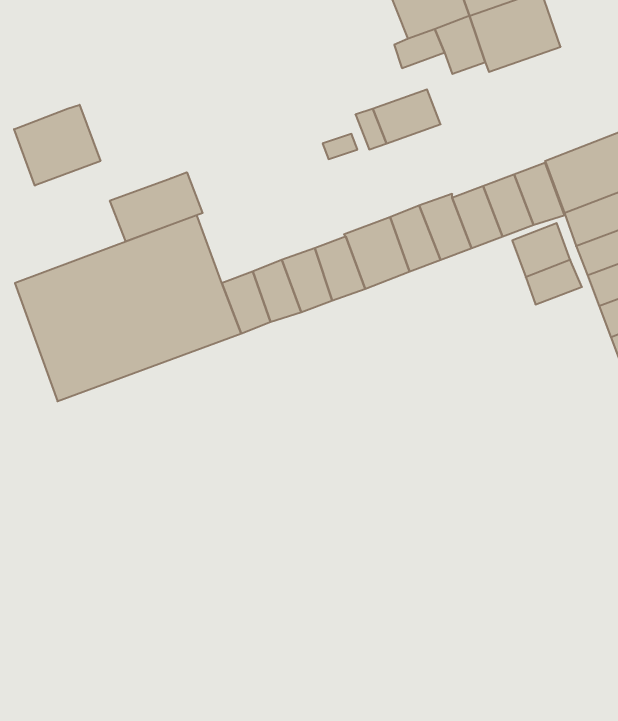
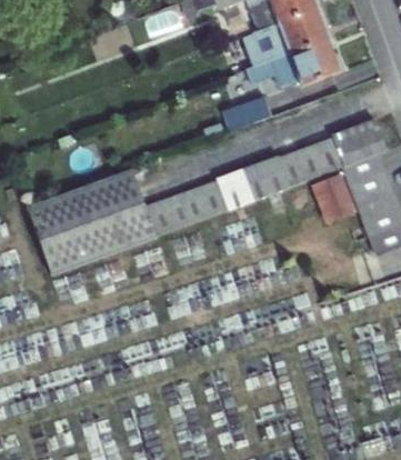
building: [14,105,100,186] -> none
building: [110,172,203,241] -> none

